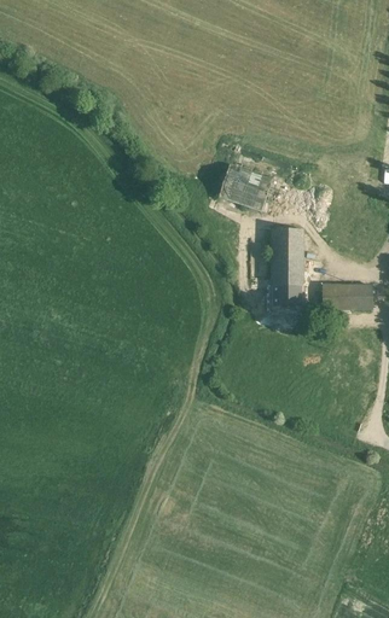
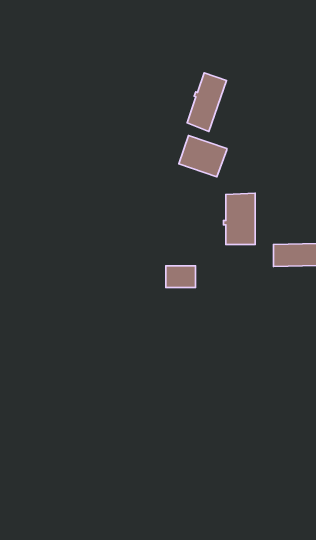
building: none -> [187,73,226,131]
building: [272,285,304,309] -> [166,266,195,288]

